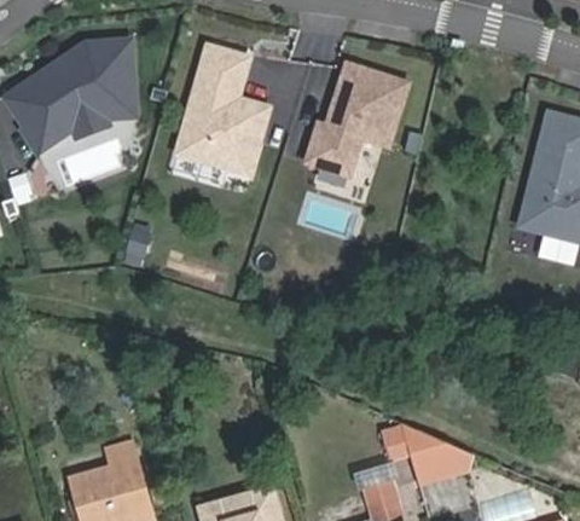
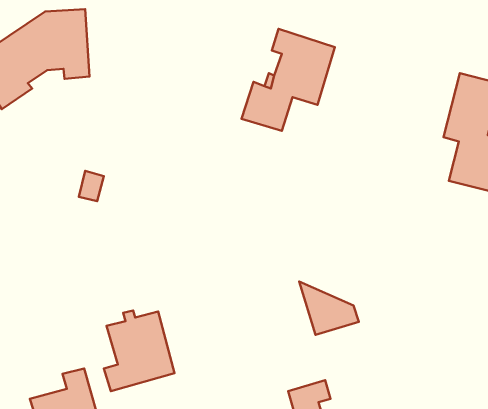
building: [176,47,268,174] -> none
building: none -> [104,310,174,391]
building: [398,419,464,479] -> [299,282,359,335]

